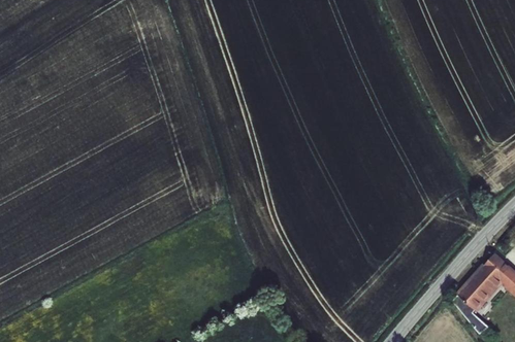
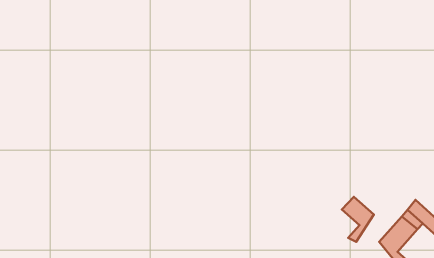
building: none -> [342,197,374,242]

